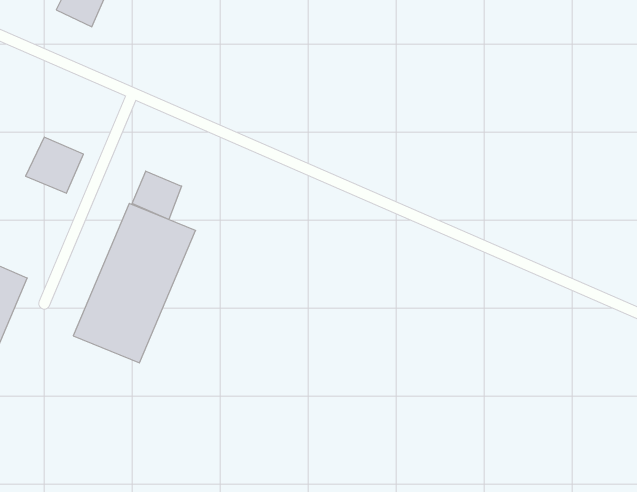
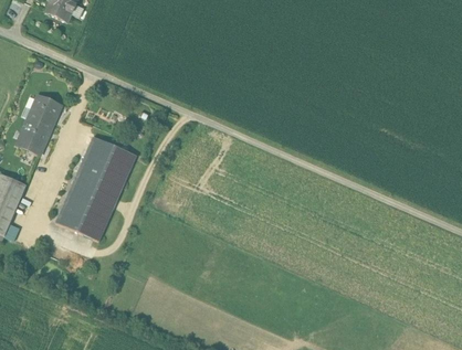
building: [132,171,182,220] -> none
building: none -> [14,118,52,156]

